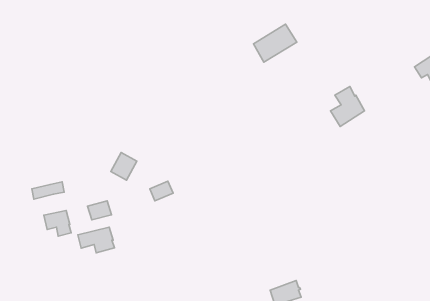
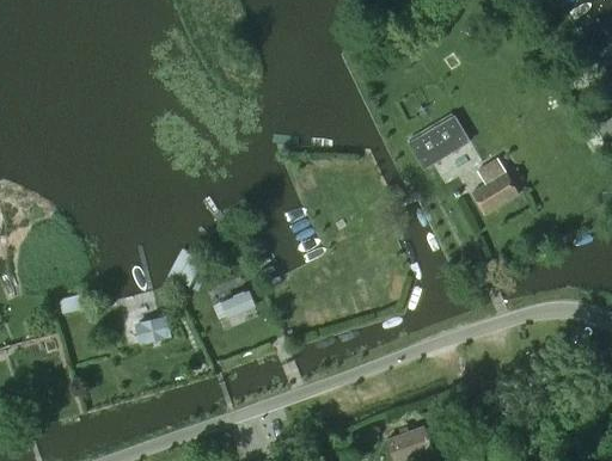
building: [253,24,297,62] -> [410,116,470,168]
building: [44,211,71,236] -> none
building: [78,227,114,253] -> none

